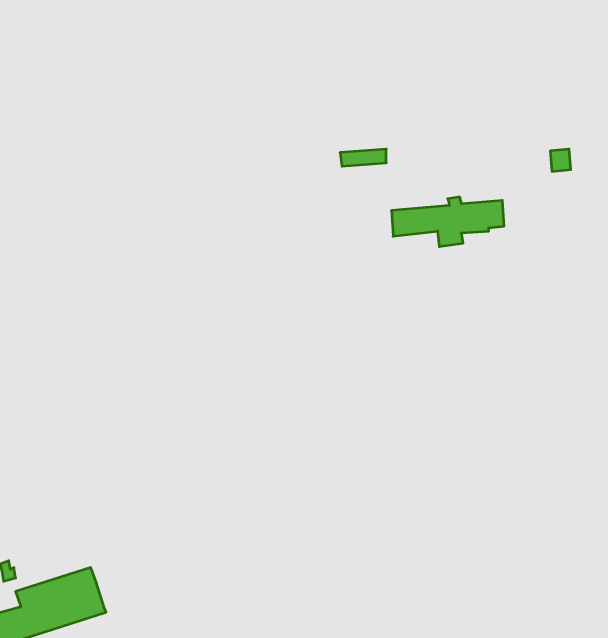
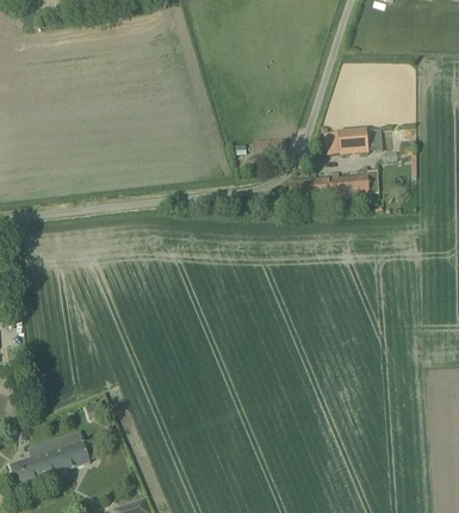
building: none -> [323,128,367,153]

